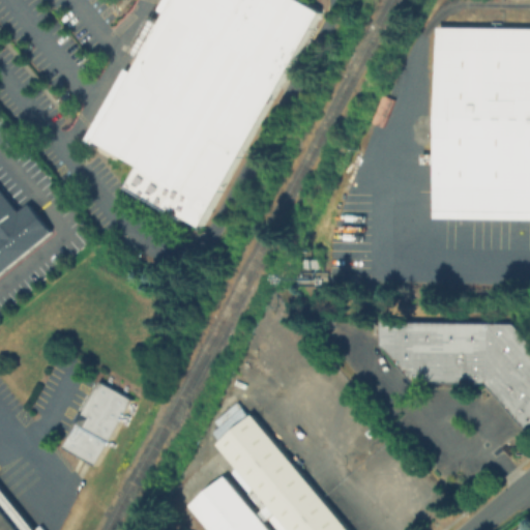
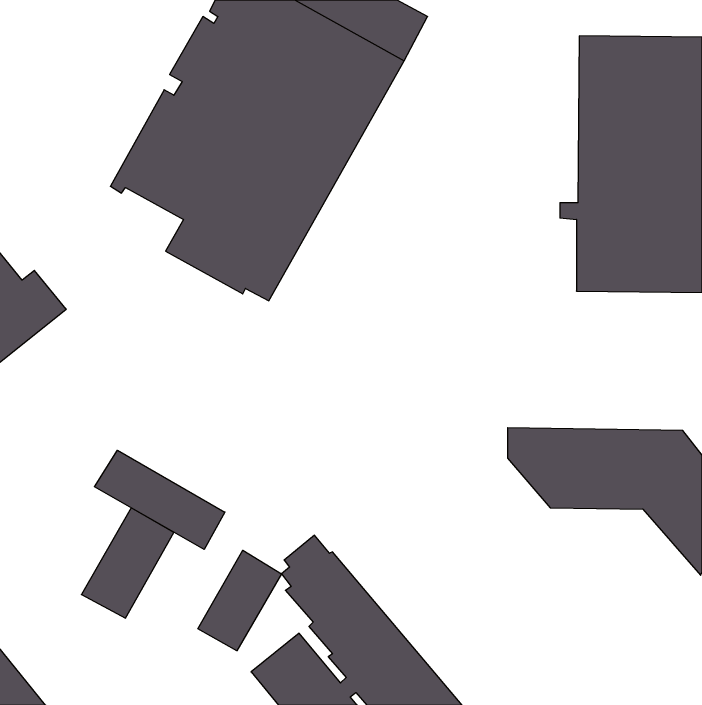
building: none -> [94,450,225,549]
building: none -> [198,550,281,651]

